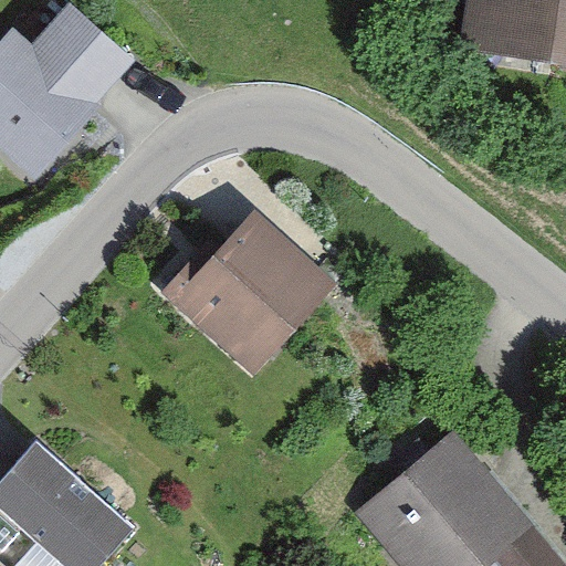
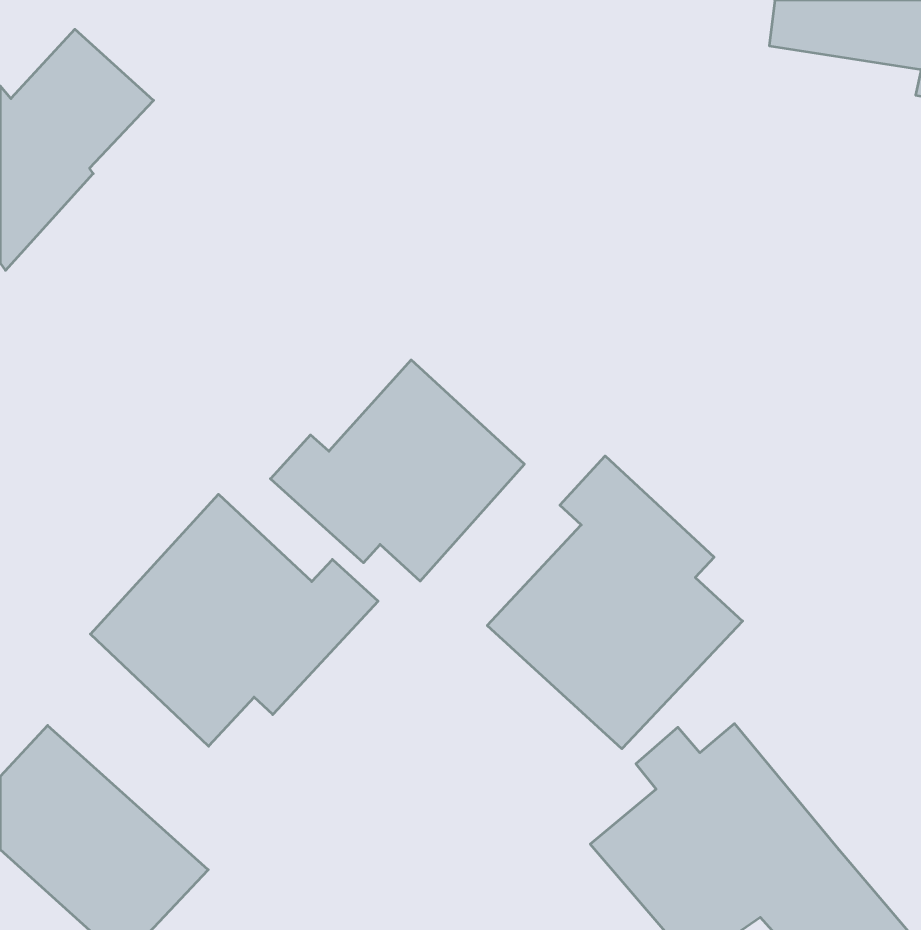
building: none -> [487,456,743,749]
building: none -> [90,494,378,746]

